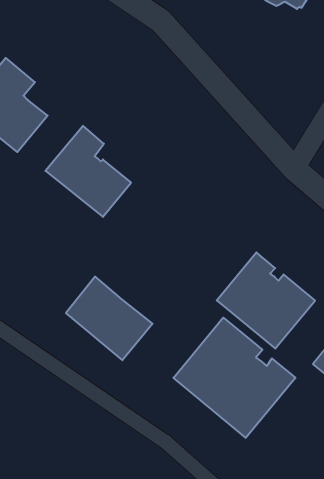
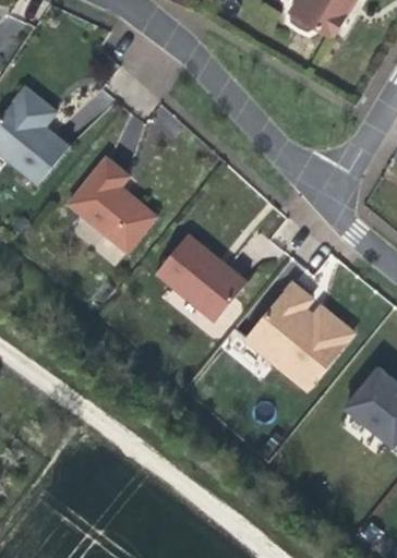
building: [66,277,153,360] -> [157,233,248,320]
building: [173,318,295,438] -> none

